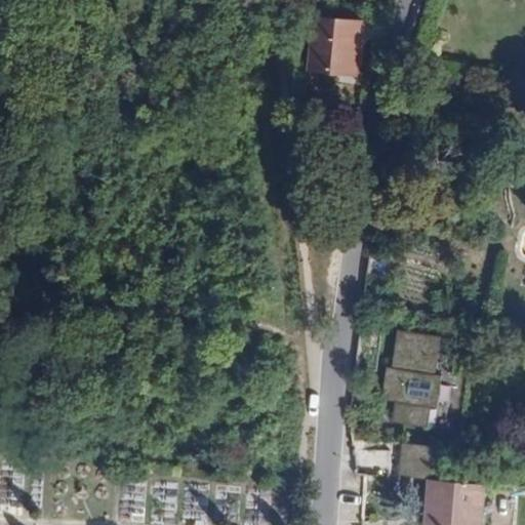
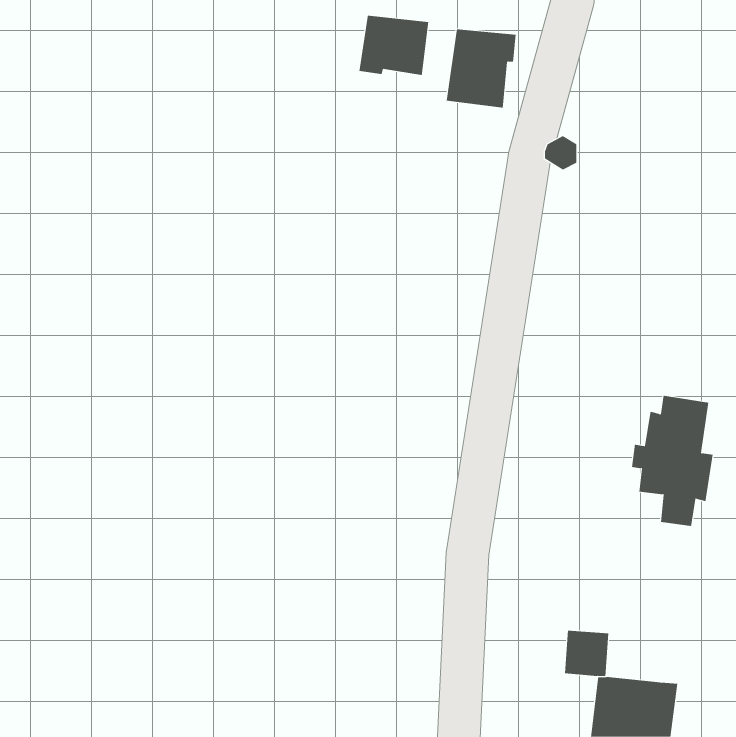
building: none -> [359,15,429,76]
building: [383,336,442,430] -> [631,395,713,526]

